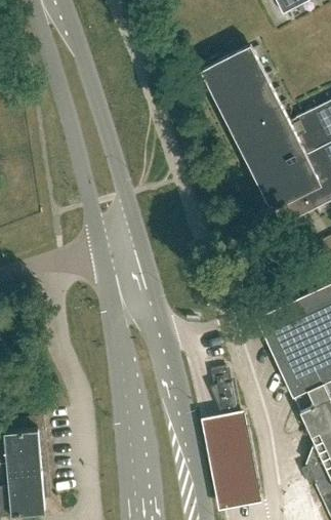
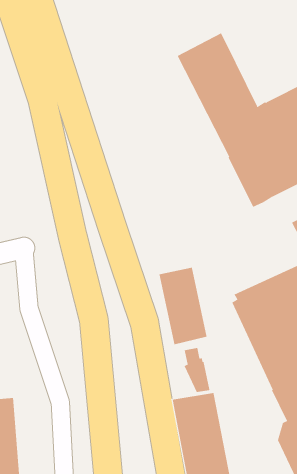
building: none -> [159,267,207,345]

